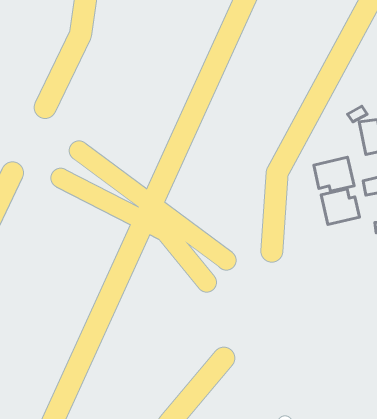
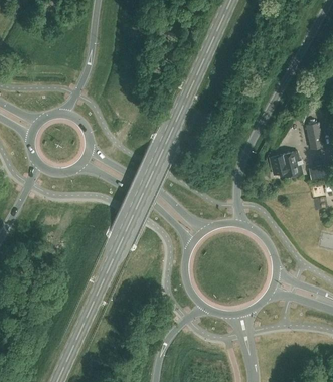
building: [321,189,360,225] -> none

